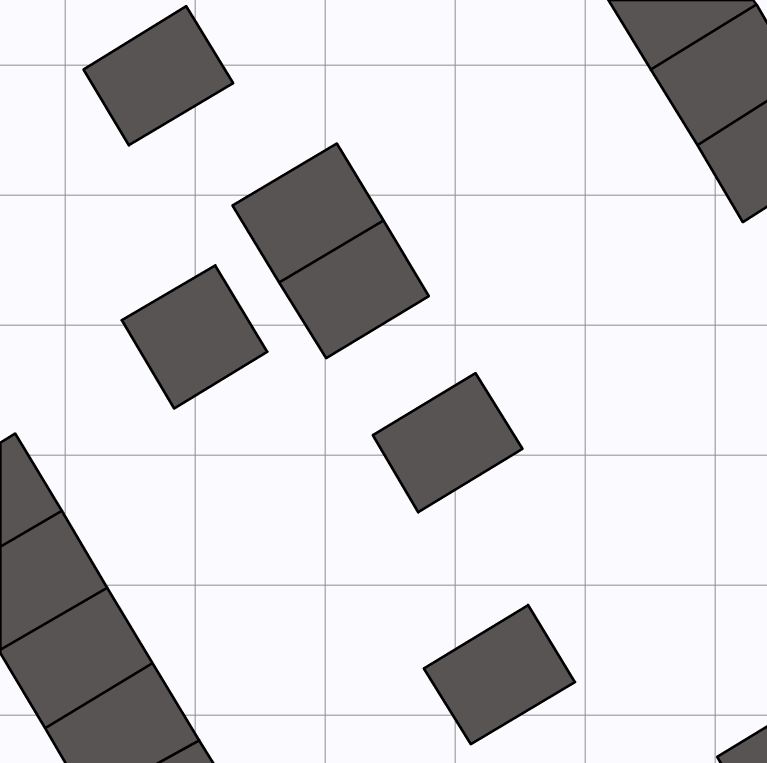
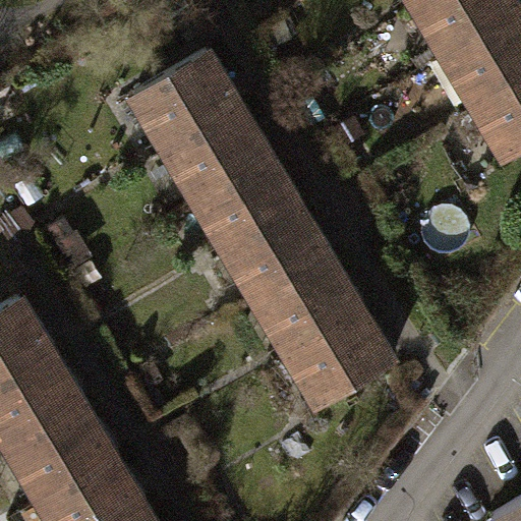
building: [84,6,233,145] -> [129,51,230,144]
building: [122,265,267,408] -> none
building: none -> [223,206,324,299]
building: [424,605,575,744] -> [285,308,387,402]

